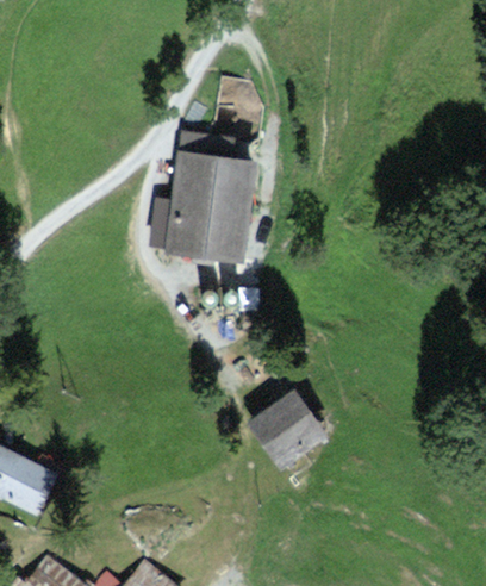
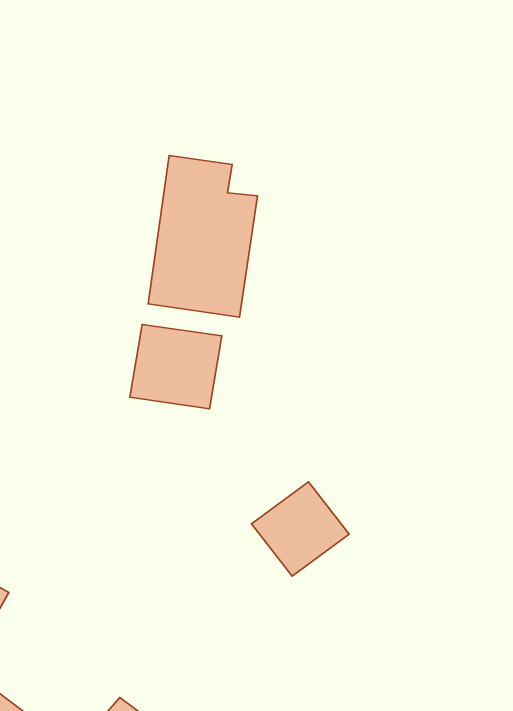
building: none -> [130,325,222,409]

